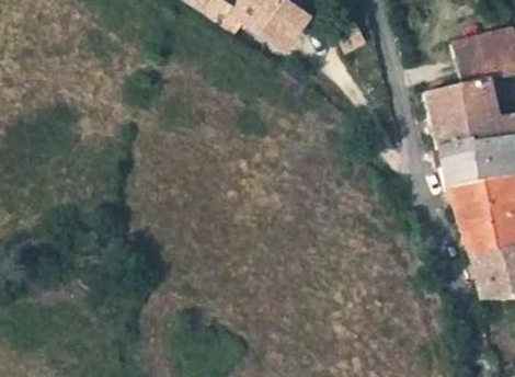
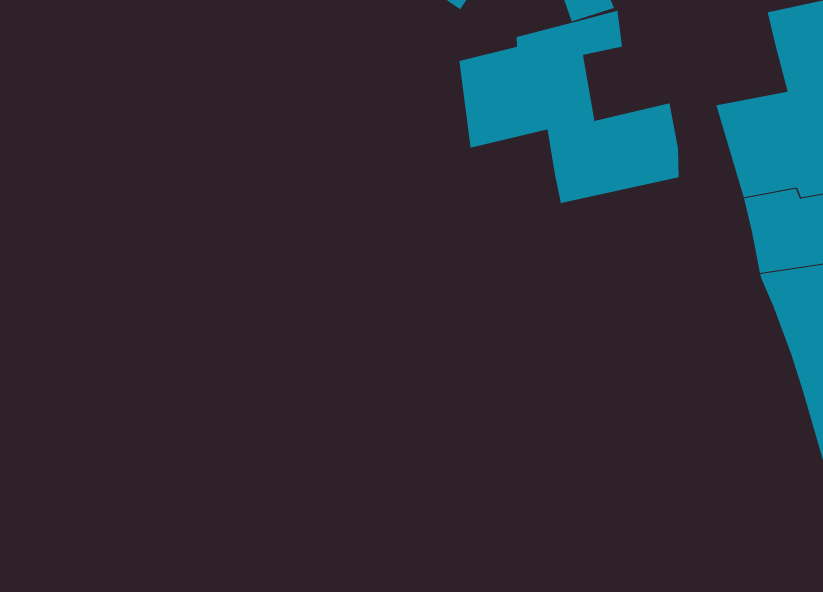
building: none -> [459,10,679,204]

